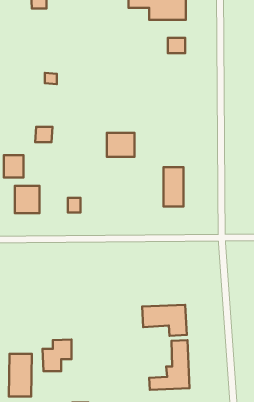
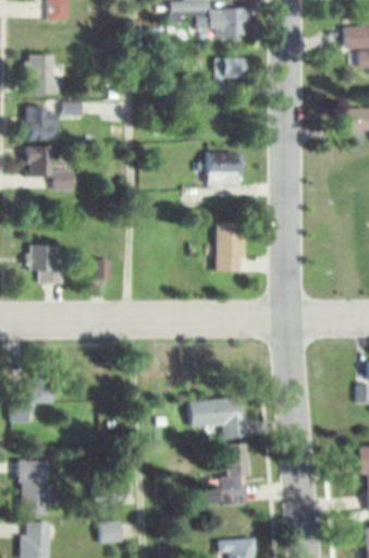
building: none -> [25,56,58,95]
building: none -> [26,107,52,141]
building: [107,133,134,157] -> [209,154,244,184]
building: [4,155,23,177] -> [27,148,52,177]
building: [42,339,72,371] -> [14,379,51,420]

